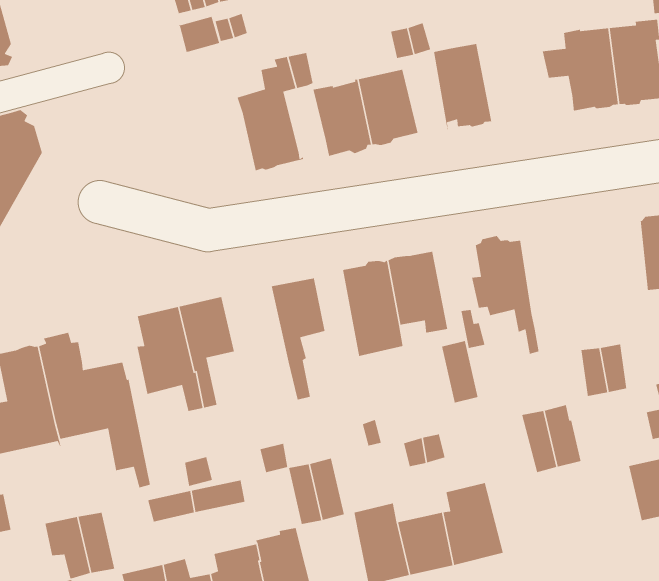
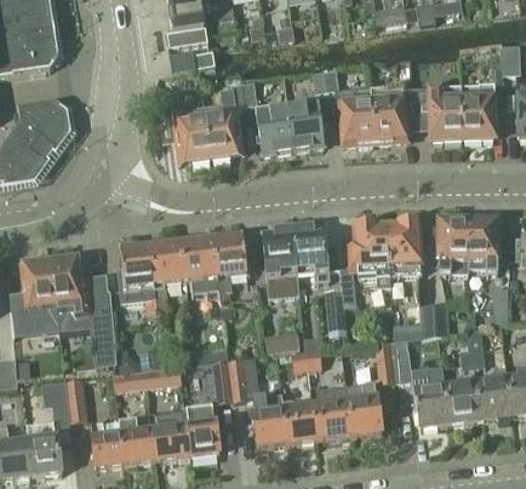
building: none -> [370,85,416,142]
building: none -> [151,87,210,162]
building: none -> [439,217,468,274]
building: none -> [385,217,421,275]
building: none -> [183,237,218,294]
building: none -> [411,366,447,427]
building: none -> [344,382,382,436]

